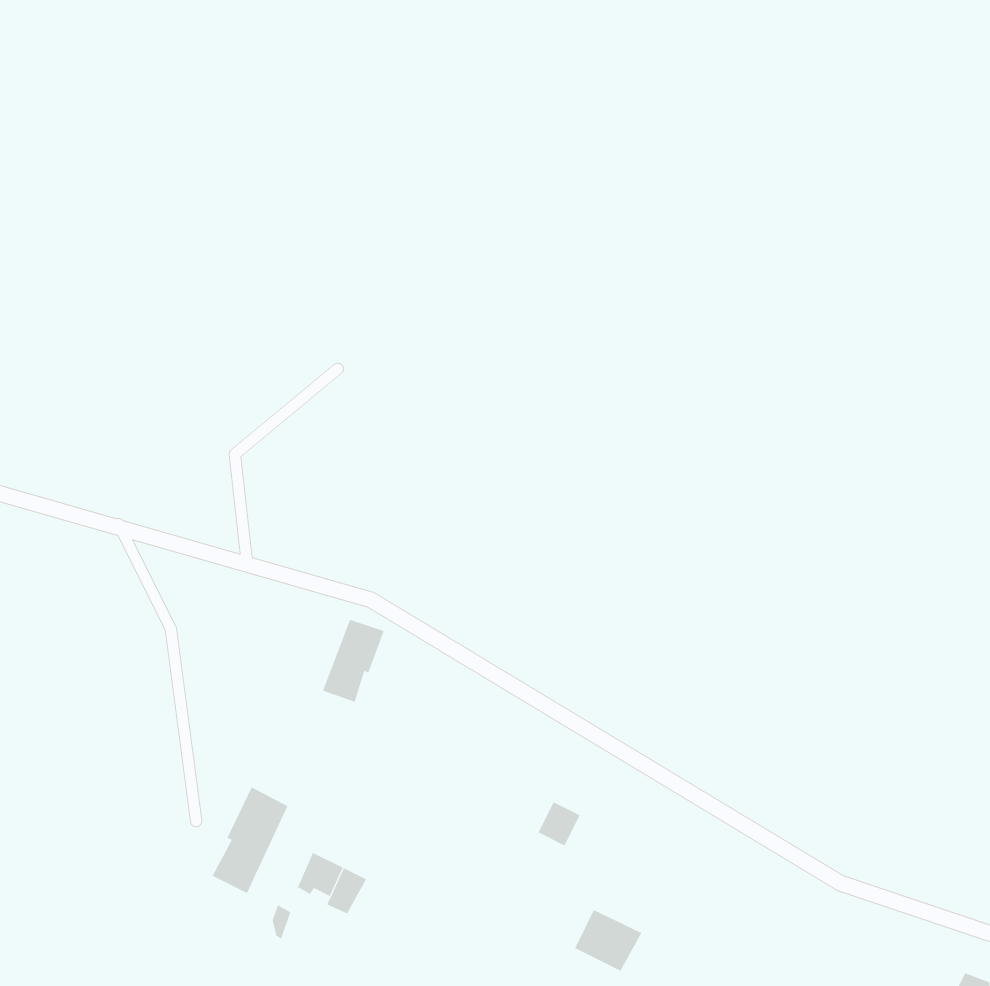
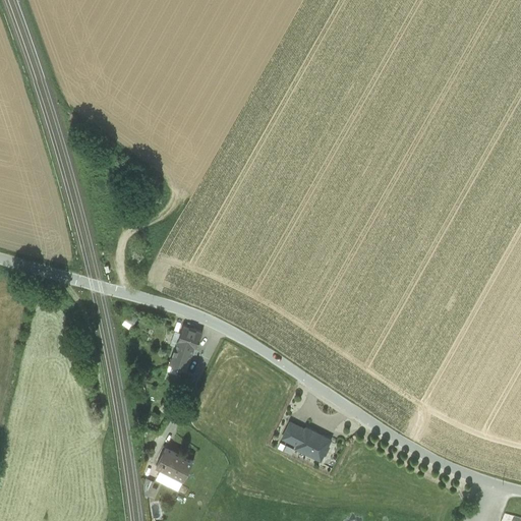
building: [212,787,288,894] -> none
building: [574,909,642,972] -> [295,428,331,461]

